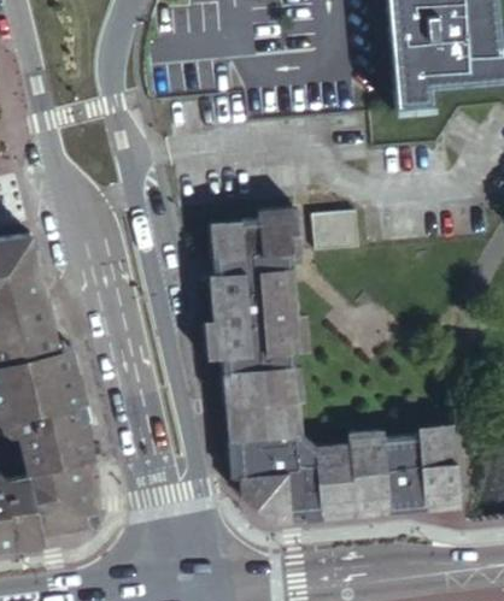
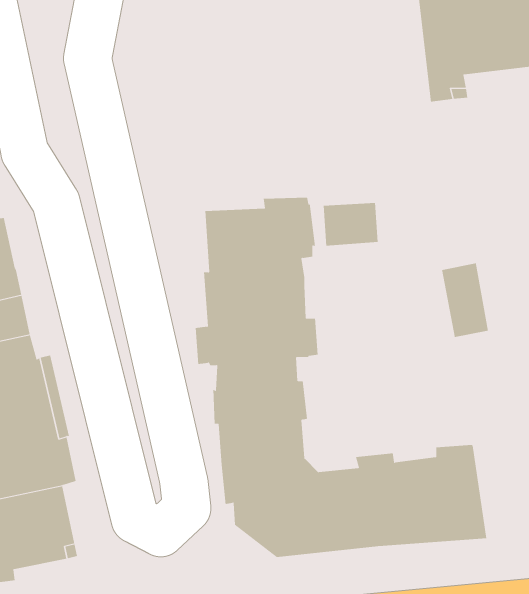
building: none -> [441,262,488,338]

